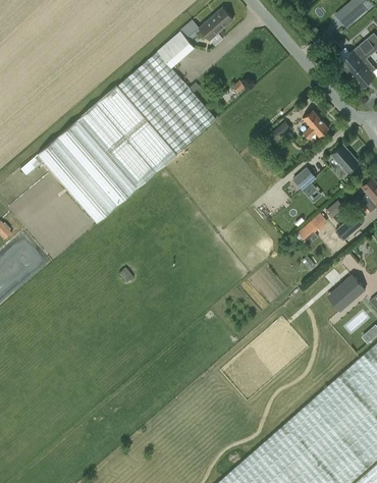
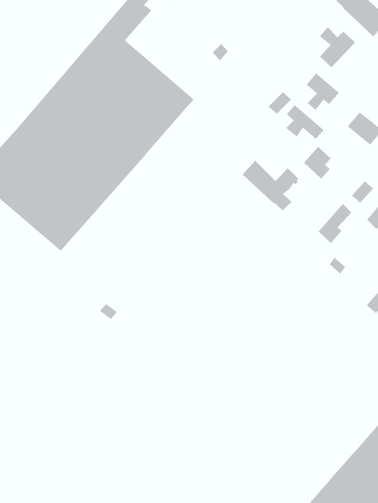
building: none -> [319,26,356,68]
building: none -> [285,104,325,140]
building: none -> [242,160,299,211]

